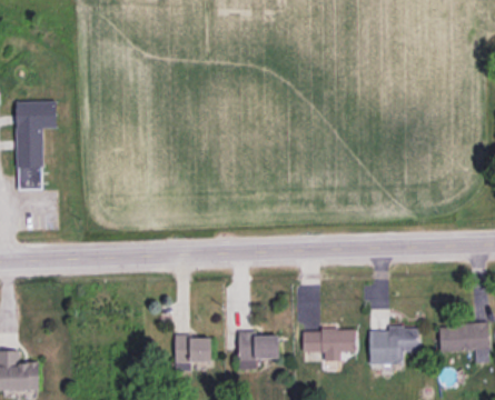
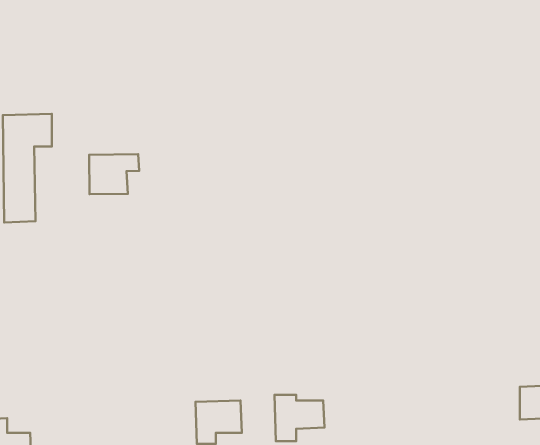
building: none -> [89,154,139,194]
building: [369,327,418,366] -> none
building: [301,328,356,361] -> none

